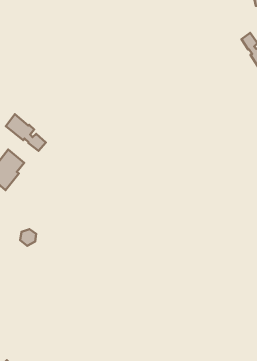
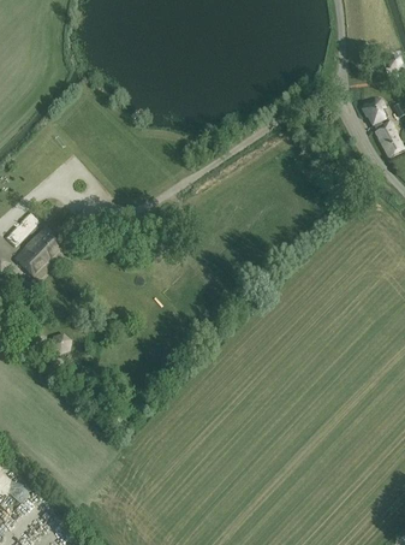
building: [6,114,46,151] -> none

